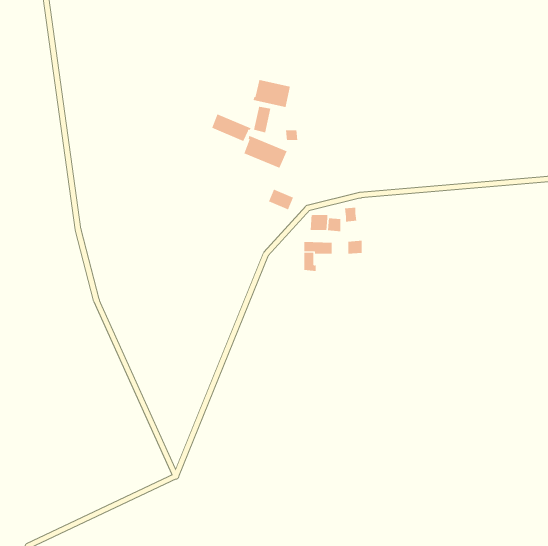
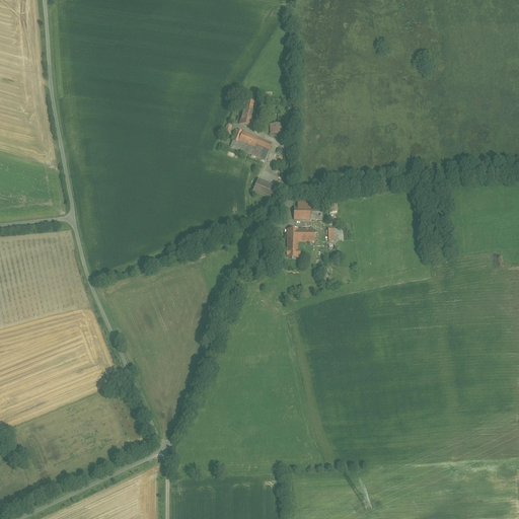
building: [253,79,290,108] -> none
building: [211,114,251,142] -> none

